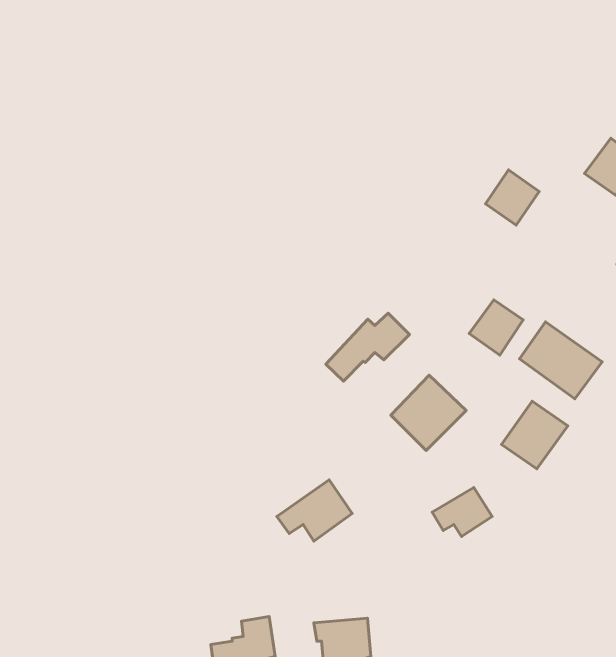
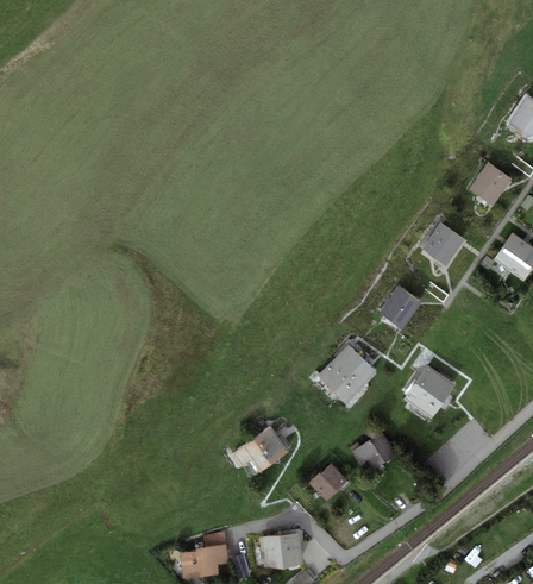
building: [485,170,539,225] -> [421,222,463,265]
building: [326,313,410,381] -> none
building: [520,322,602,399] -> none
building: none -> [308,463,346,500]

